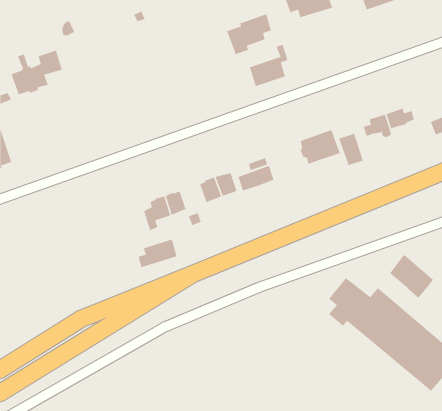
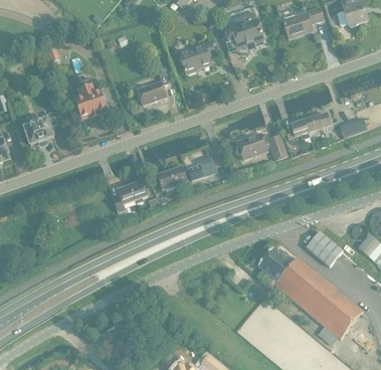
building: [249,44,288,87] -> [138,70,169,105]
building: [11,50,63,96] -> [24,109,65,145]
building: none -> [76,85,108,117]
building: [138,238,177,268] -> none

